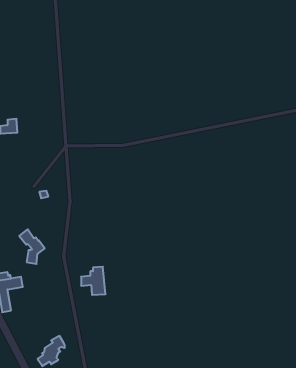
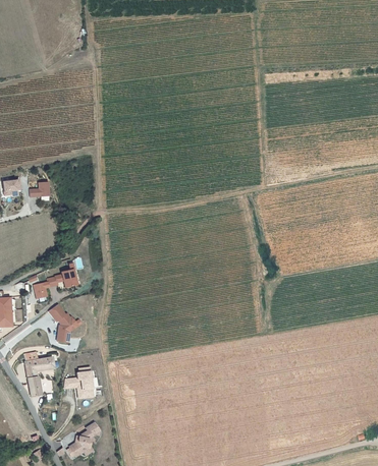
building: none -> [35,269,76,298]
building: [81,267,106,295] -> [64,366,92,398]

